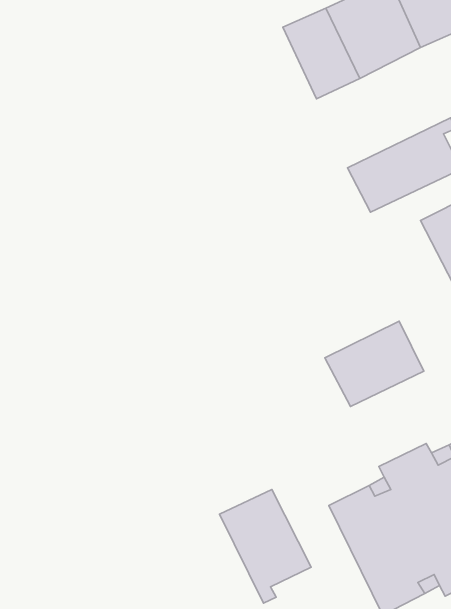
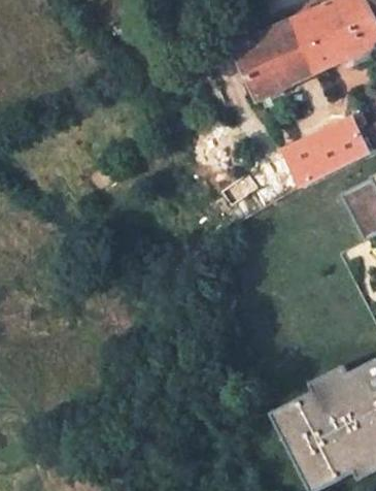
building: [325,321,424,407] -> none
building: [220,489,311,603] -> none

